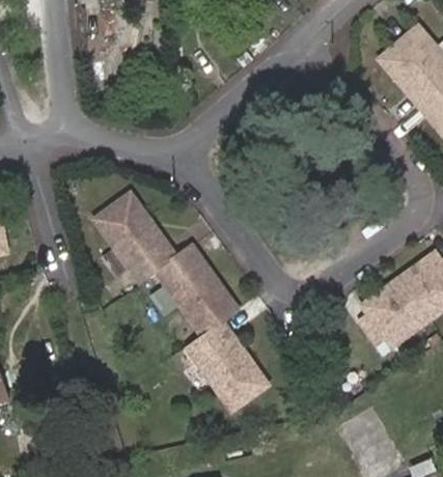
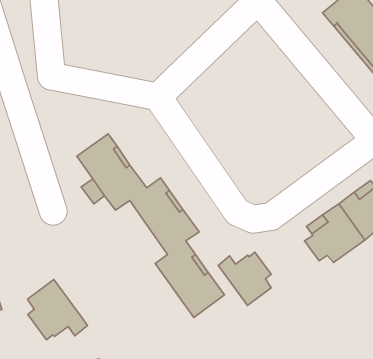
building: none -> [218,252,271,306]
building: none -> [28,279,88,340]

